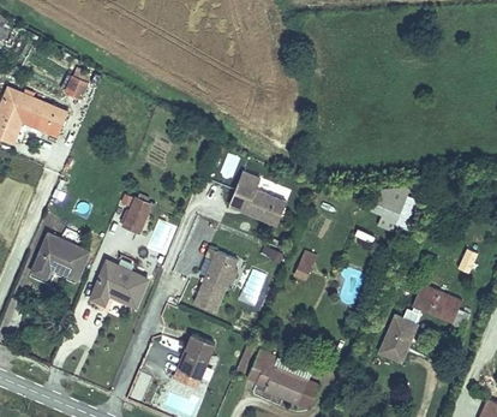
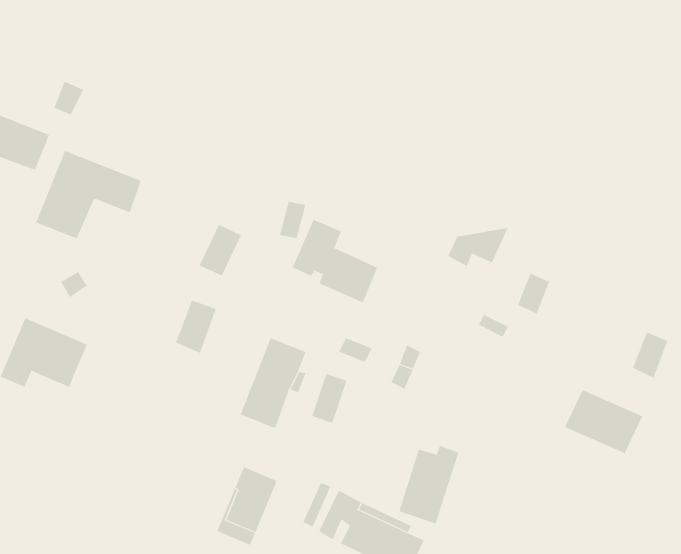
building: none -> [36,150,142,239]
building: [371,186,412,213] -> [448,227,509,267]
building: [121,198,150,233] -> [199,224,242,276]
building: [91,258,150,304] -> none
building: [378,310,419,363] -> [398,445,459,524]

